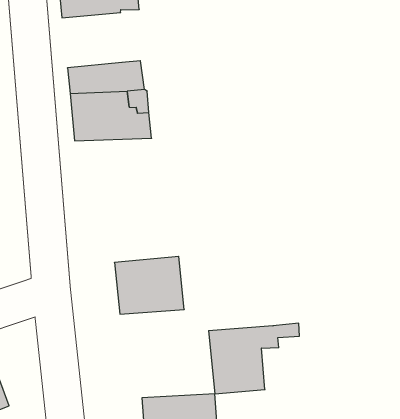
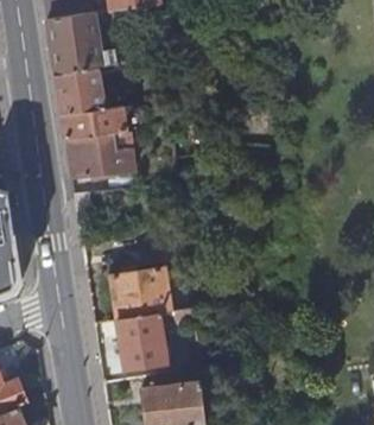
building: none -> [55,64,120,116]
building: [209,323,299,394] -> [118,309,194,372]

